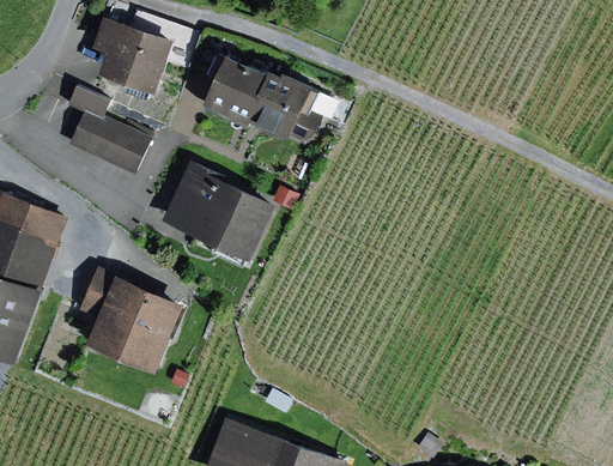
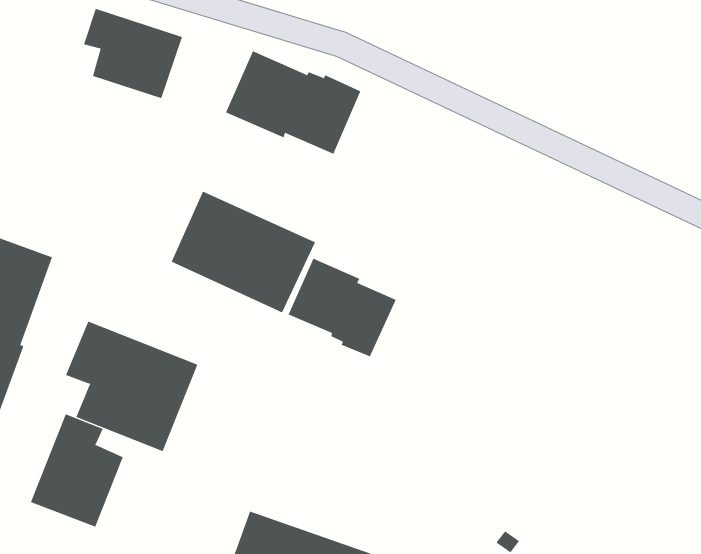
building: [66,86,151,175] -> none
building: none -> [288,258,396,357]
building: none -> [30,414,124,528]

